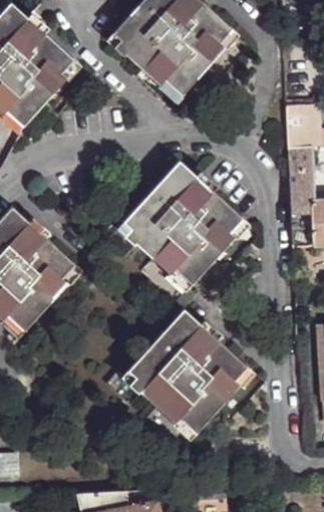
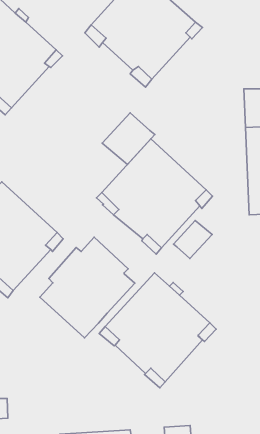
building: none -> [102,113,155,164]
building: none -> [173,220,212,259]
building: none -> [40,237,135,338]

